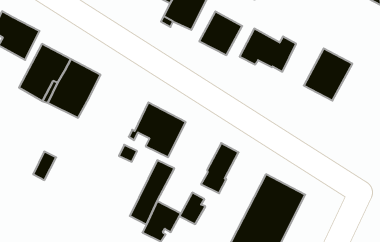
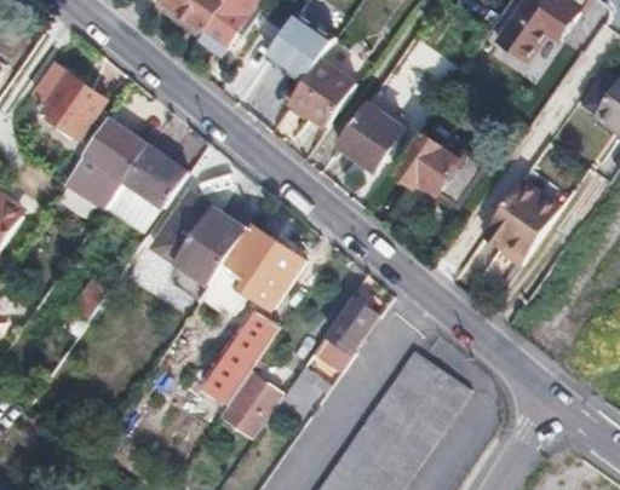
building: none -> [154,194,234,277]

